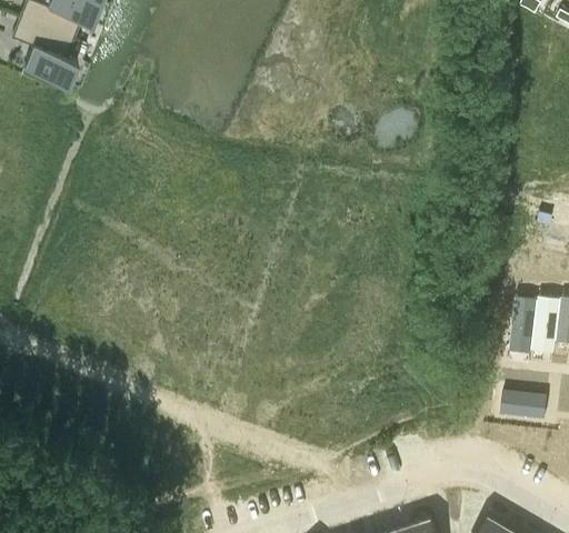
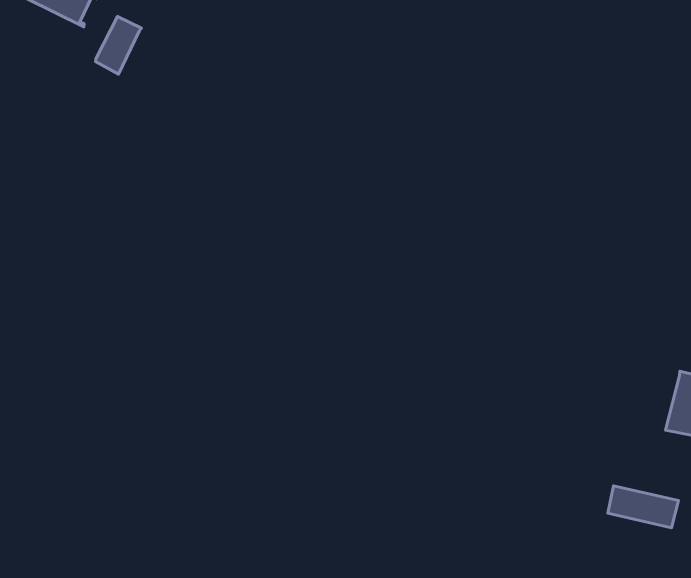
building: none -> [95,16,141,74]
building: [513,302,542,350] -> none

